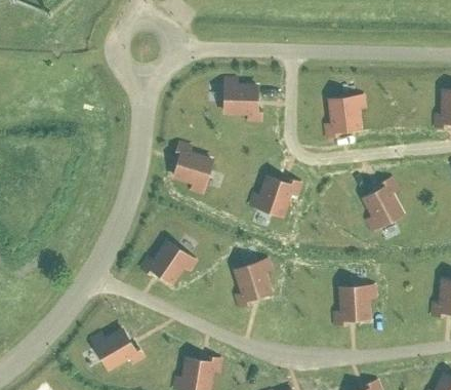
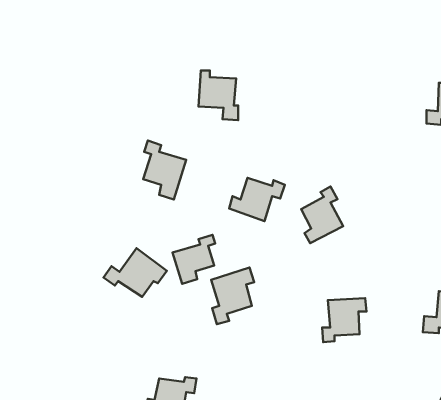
building: [320,95,361,139] -> none
building: [365,178,403,229] -> [301,187,343,243]
building: none -> [172,235,215,284]
building: [92,329,145,368] -> none

